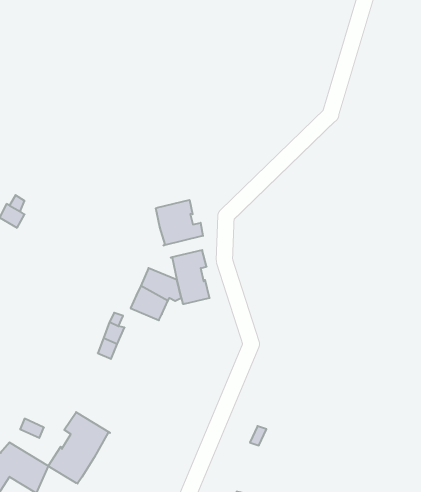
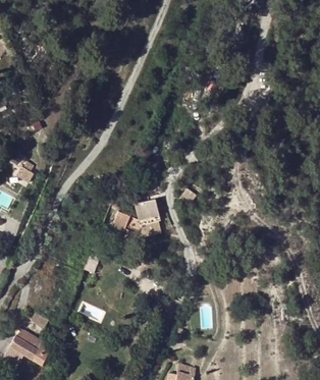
building: [156,200,203,245] -> none
building: [48,412,110,484] -> none

